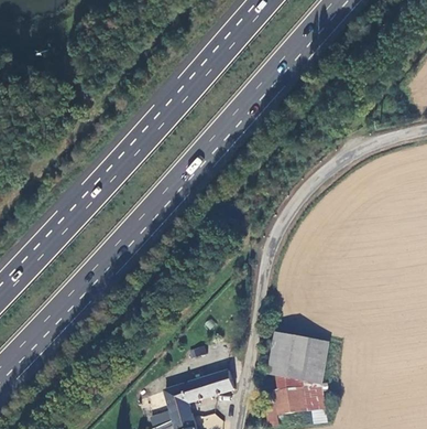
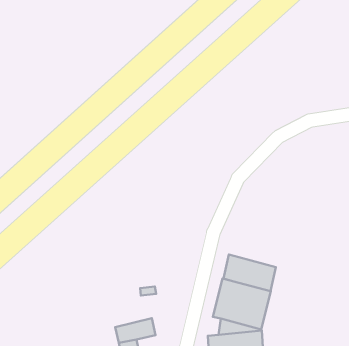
building: none -> [223,255,276,291]
building: [202,372,233,398] -> none

